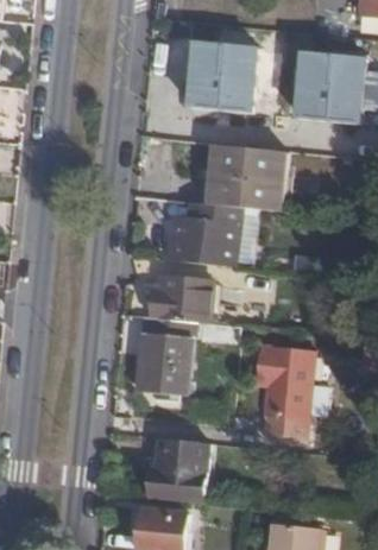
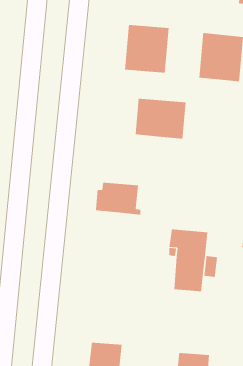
building: [165,202,239,266] -> none
building: [138,316,193,396] -> none
building: [147,438,207,502] -> none

